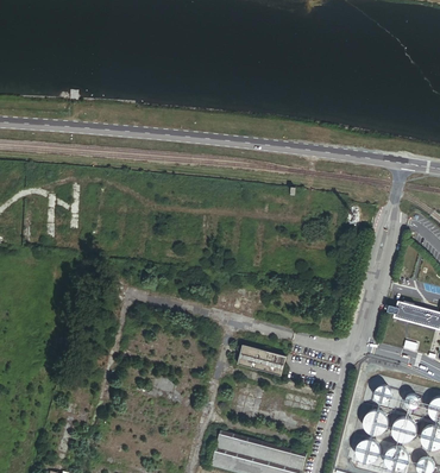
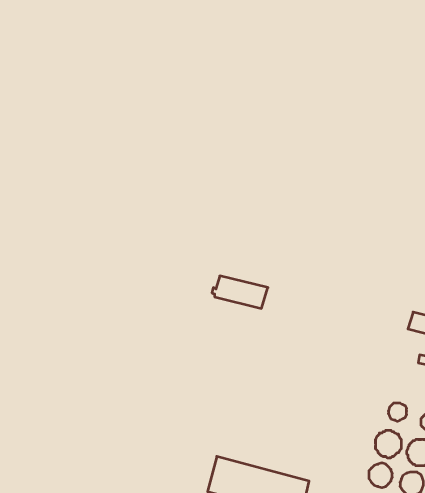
building: [235,345,287,374] -> [212,276,268,308]

